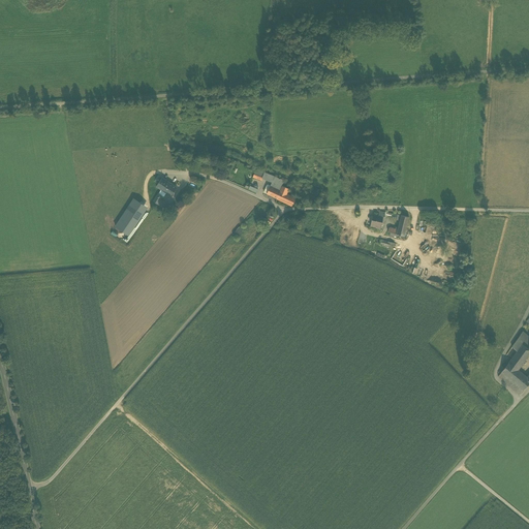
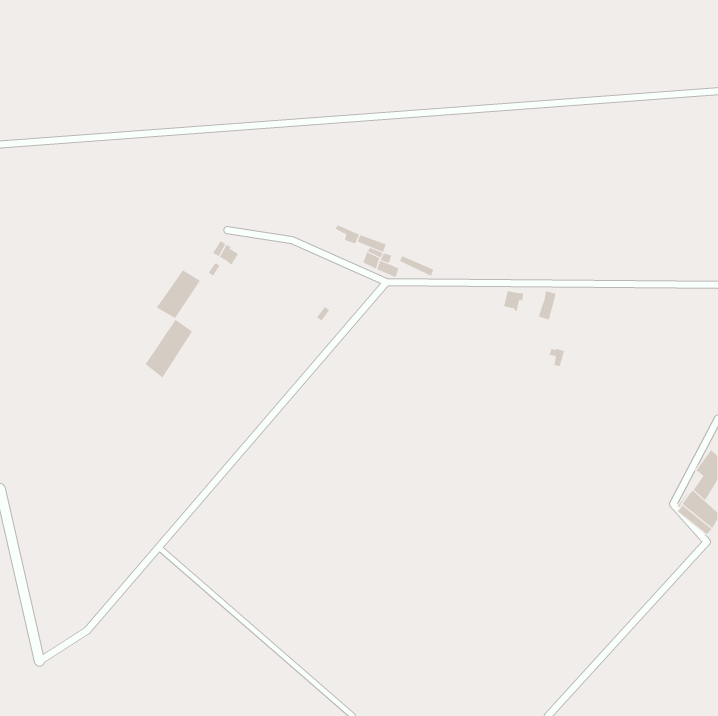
building: none -> [145,319,193,379]

